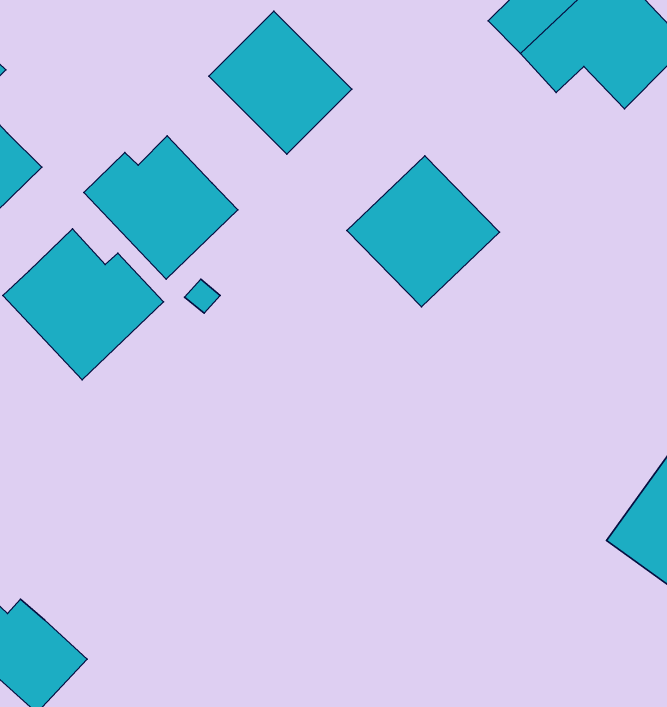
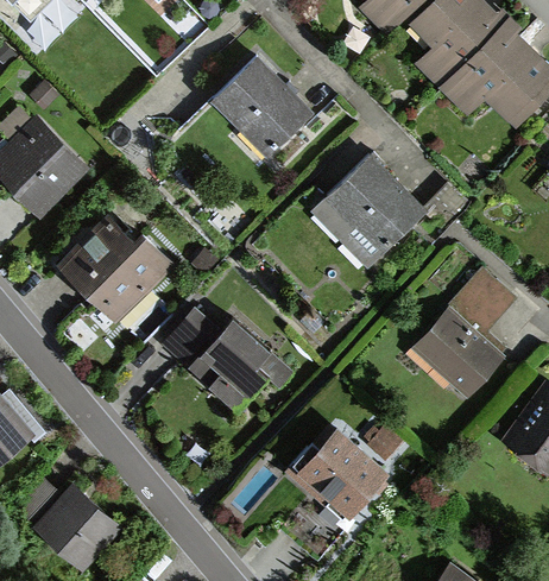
building: [84,136,238,279] -> none
building: none -> [412,271,516,398]
building: none -> [165,311,292,409]
building: none -> [288,424,403,522]

